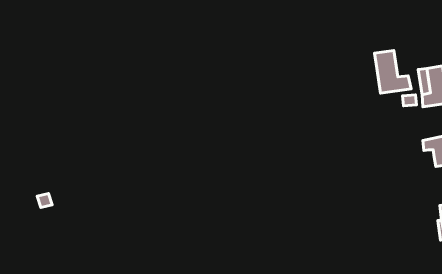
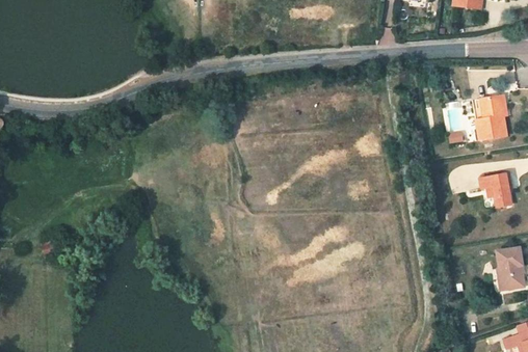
building: [374,51,411,93] -> none

